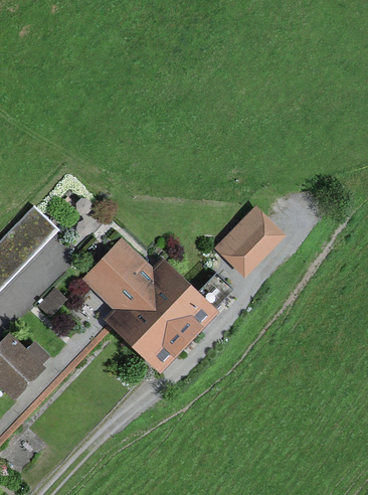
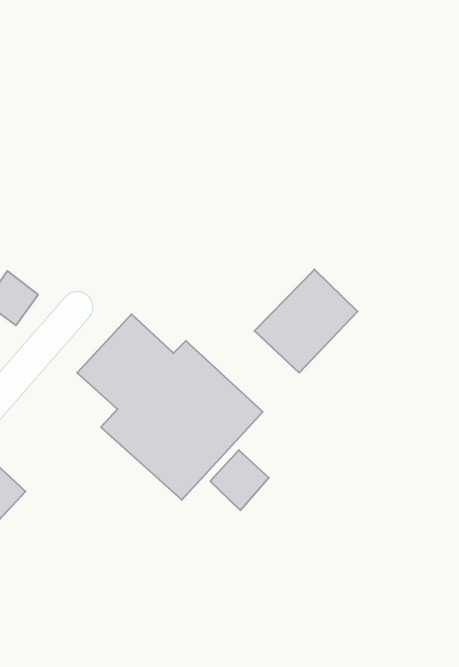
building: none -> [210,450,269,510]

